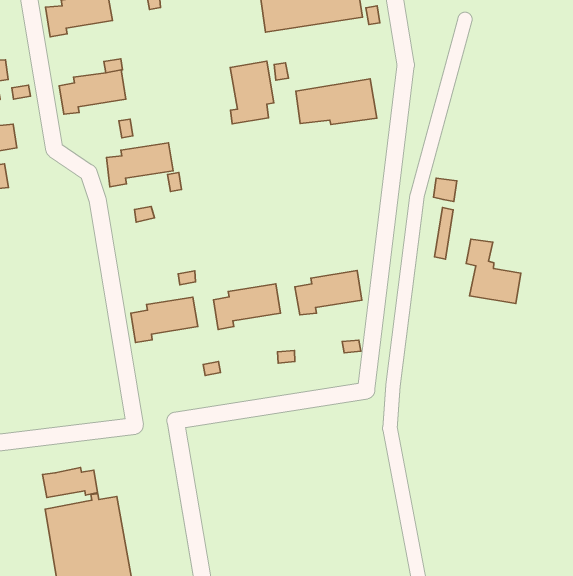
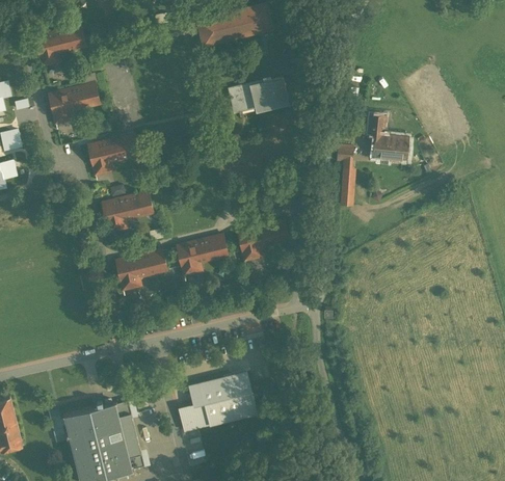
building: [230,61,274,124] -> none
building: none -> [103,192,154,229]
building: [466,239,521,303] -> [368,115,409,161]
building: [43,468,98,498] -> none
building: none -> [178,372,257,433]

